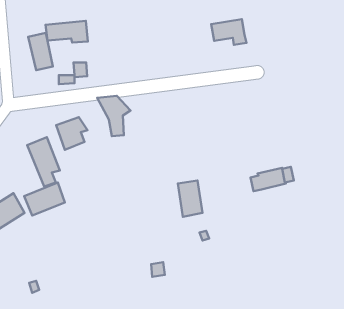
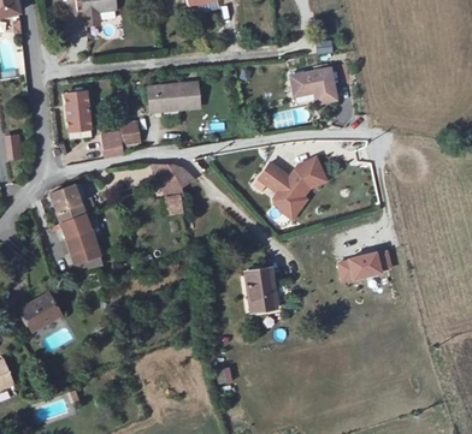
building: [46,21,88,42] -> [153,84,205,111]
building: none -> [258,161,321,207]
building: [56,117,88,150] -> [52,183,90,222]
building: [24,182,65,215] -> none

